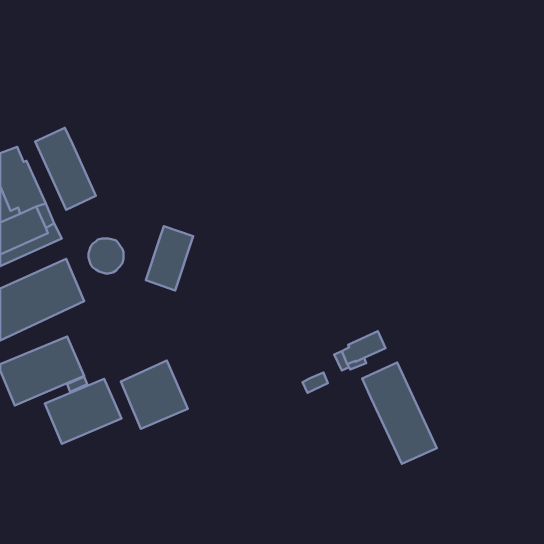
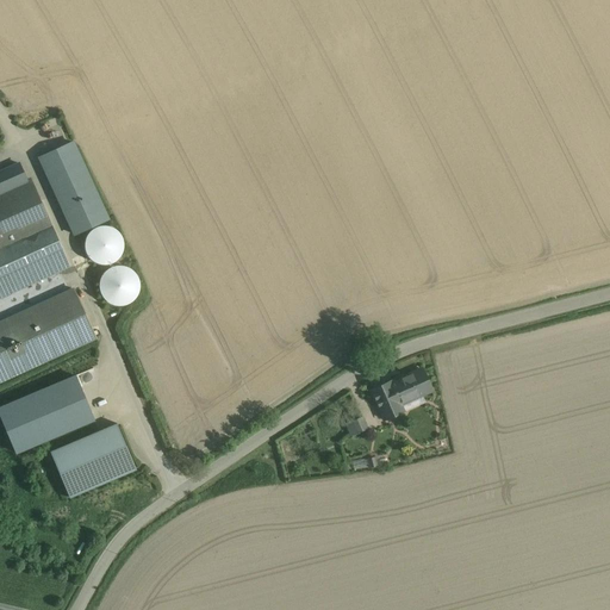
building: none -> [85,226,124,266]
building: [146,226,193,290] -> none
building: [121,360,188,429] -> none
building: [362,363,437,464] -> none

